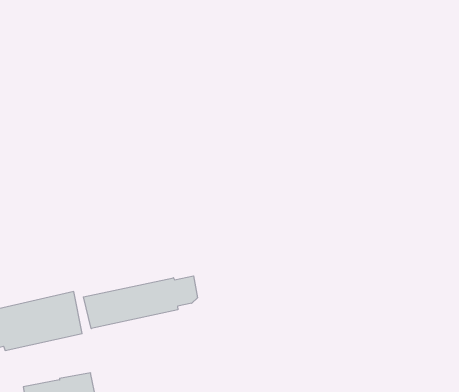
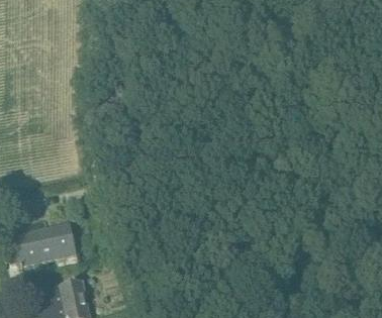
building: [83,276,197,329] -> none

